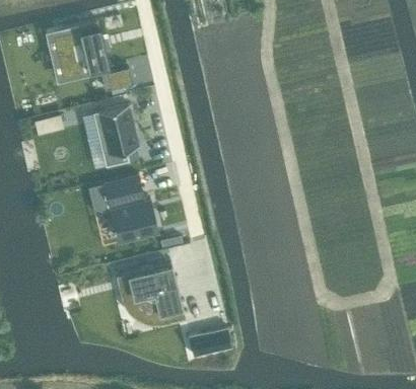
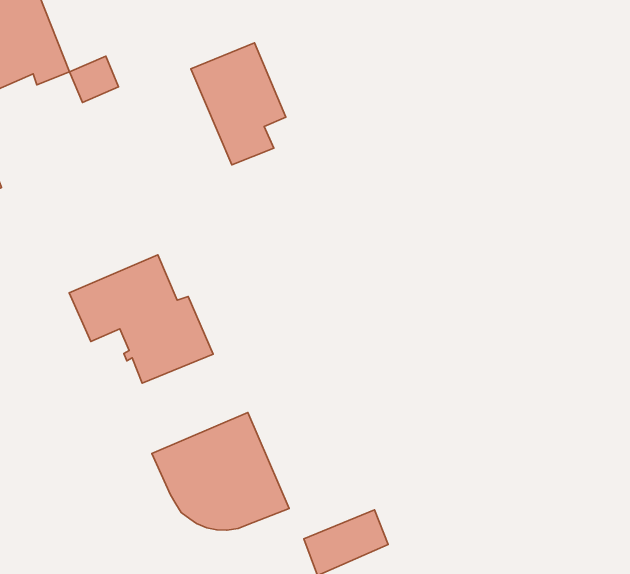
building: [92,103,138,165] -> [191,43,286,165]

